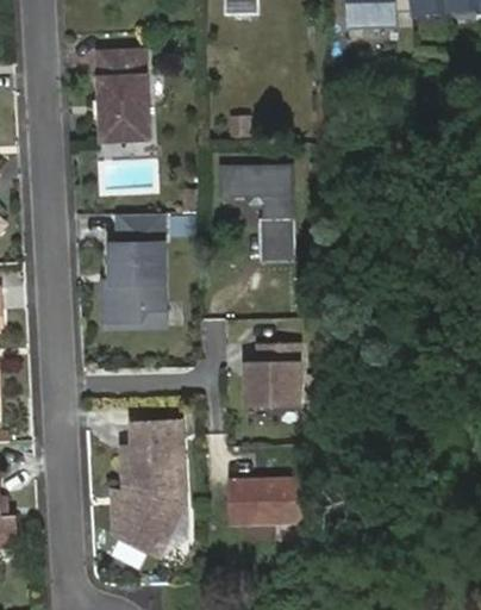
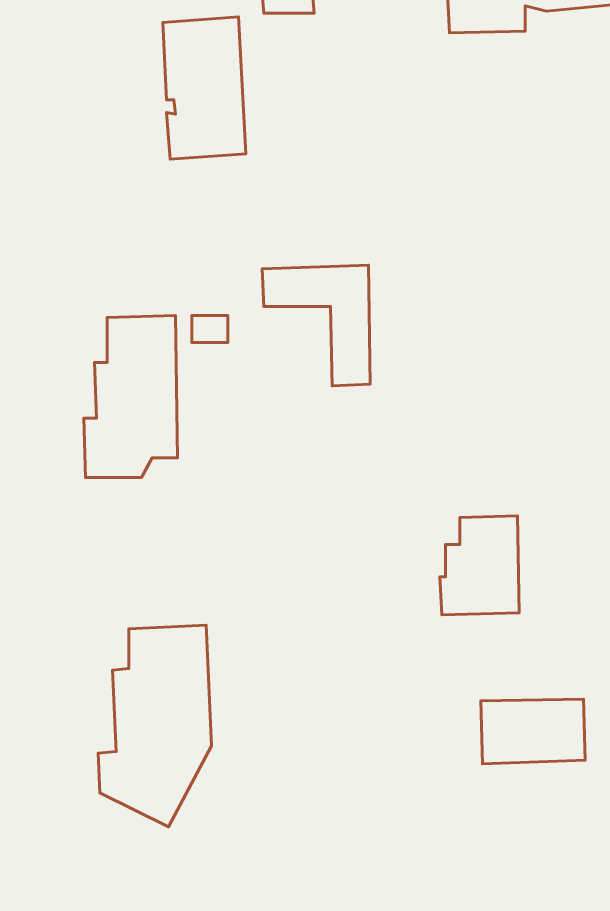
building: [96,45,151,139] -> [163,17,246,159]
building: [245,348,298,413] -> [440,516,519,615]
building: [230,481,299,524] -> [481,699,585,764]

